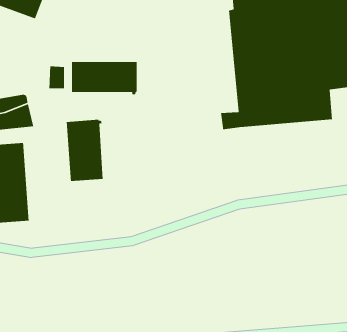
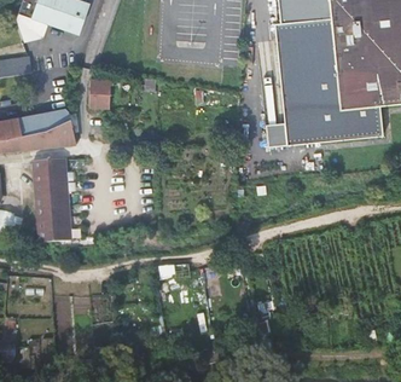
building: [71,61,138,95] -> none
building: [66,119,104,182] -> none

